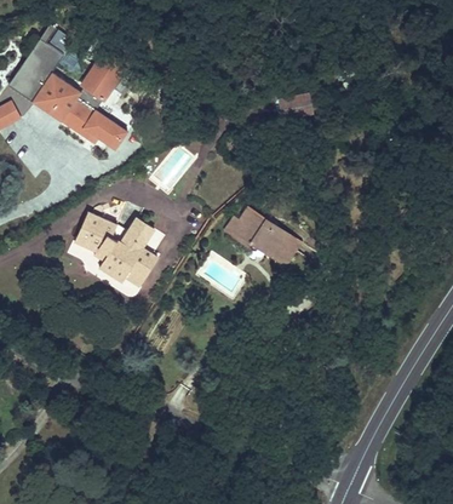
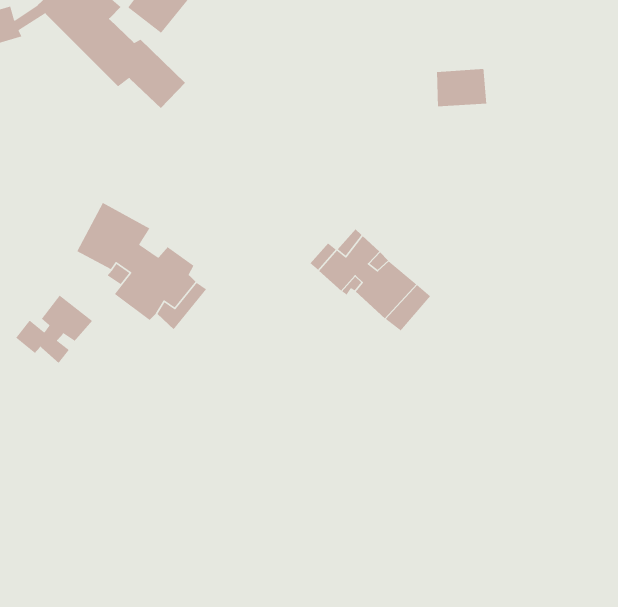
building: [111,216,156,241] -> none
building: none -> [15,294,93,364]

